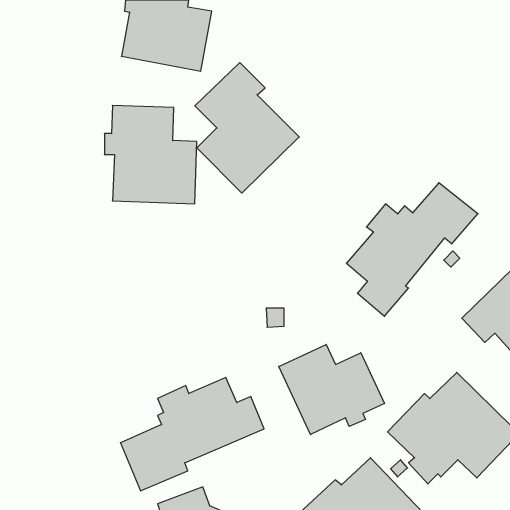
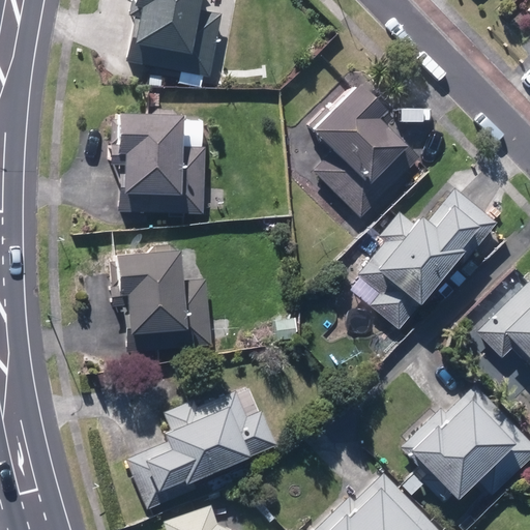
building: [195,63,299,193] -> [313,82,420,216]
building: none -> [110,248,212,352]
building: [279,344,384,435] -> none

